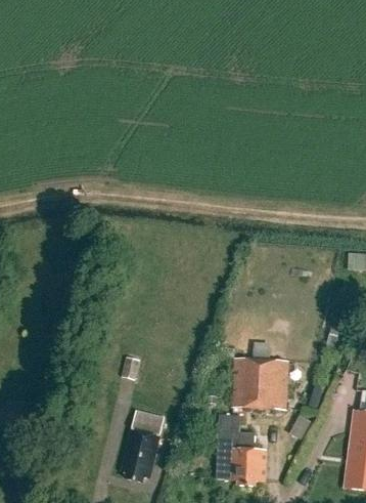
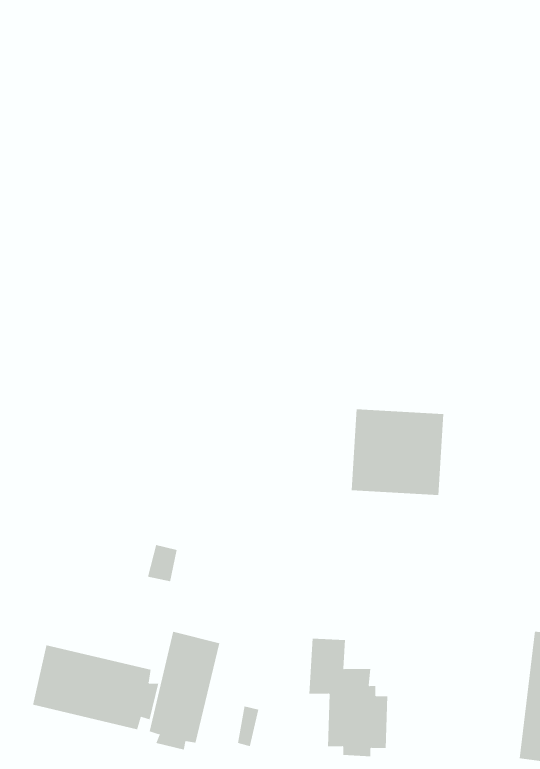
building: [232,358,288,410] -> [351,409,444,495]
building: none -> [32,644,159,730]

